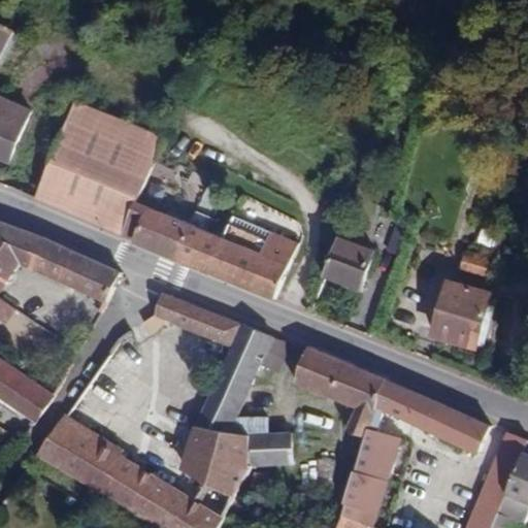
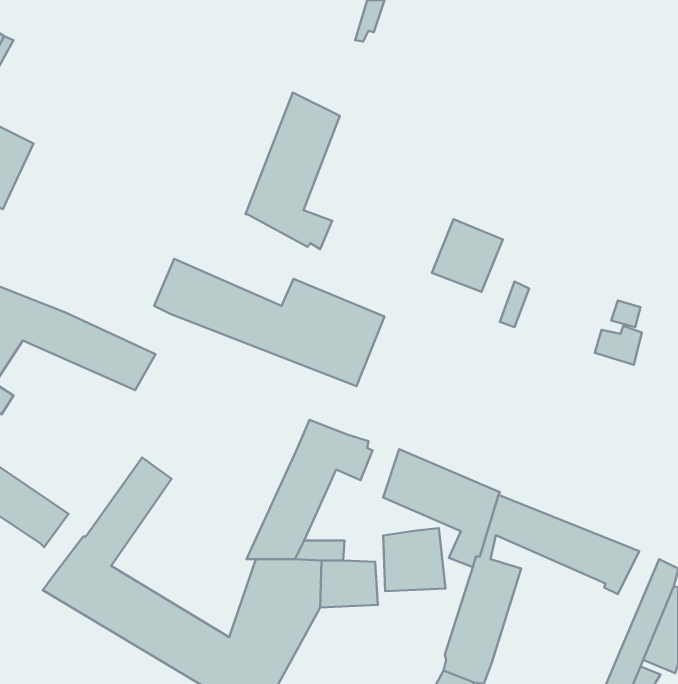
building: none -> [246,92,340,249]
building: [32,102,159,236] -> none
building: [322,235,376,291] -> [432,219,503,292]
building: [434,289,487,345] -> none
building: [154,294,238,345] -> none
building: none -> [383,528,445,591]

